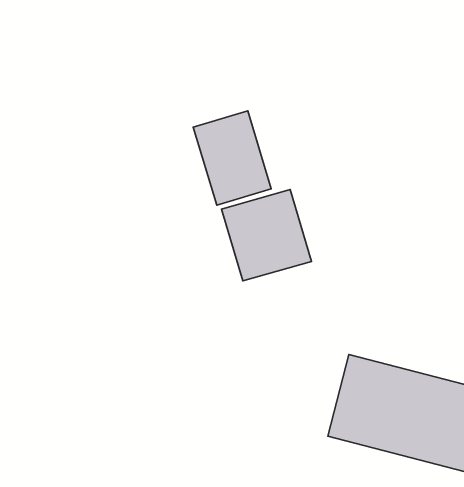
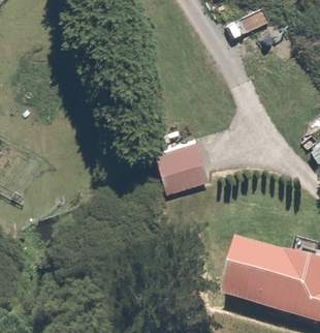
building: [193,111,271,205] -> none

